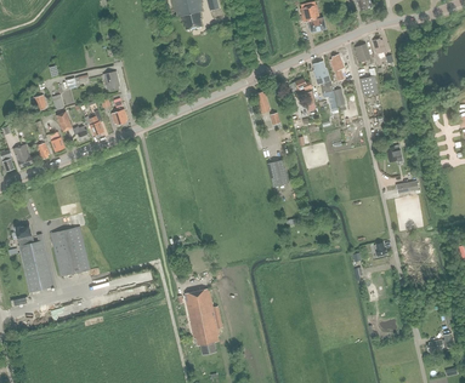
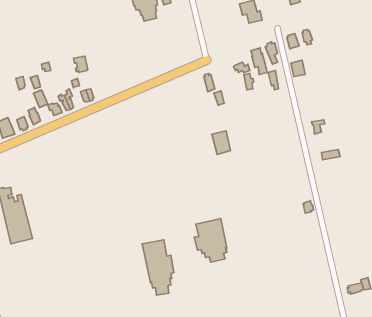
building: [49,225,89,276] -> none
building: none -> [194,219,227,262]

